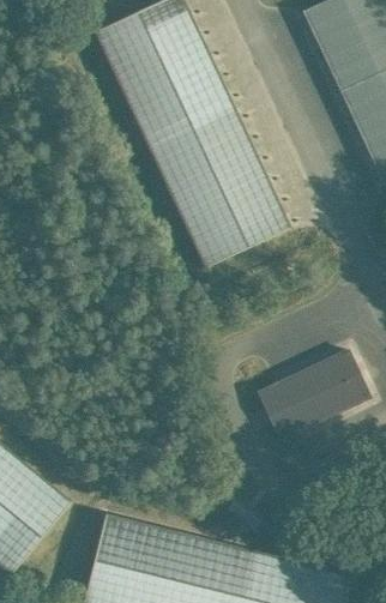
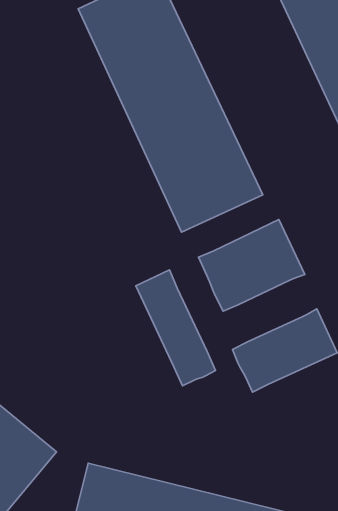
building: none -> [198,220,305,311]
building: none -> [136,270,216,386]

